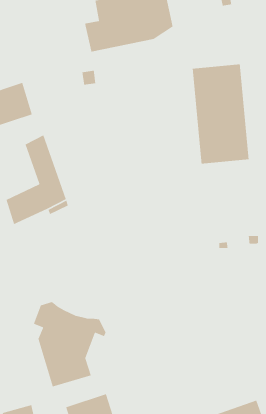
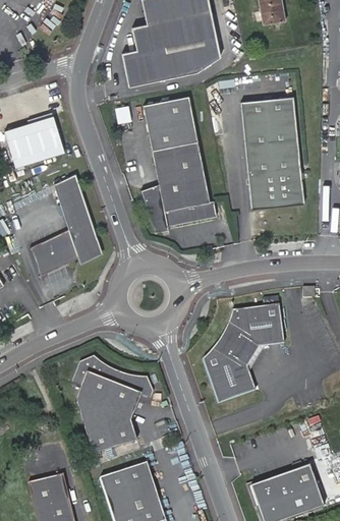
building: none -> [140,97,215,228]
building: none -> [202,304,283,403]

